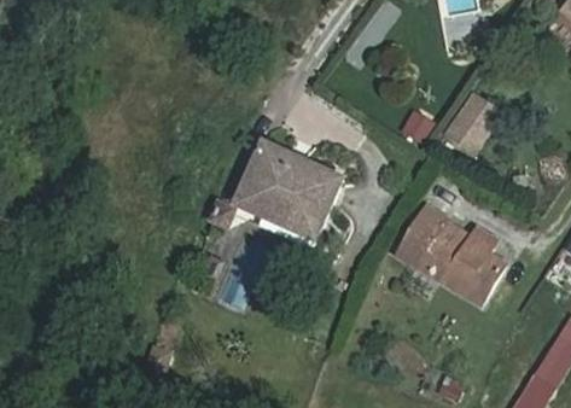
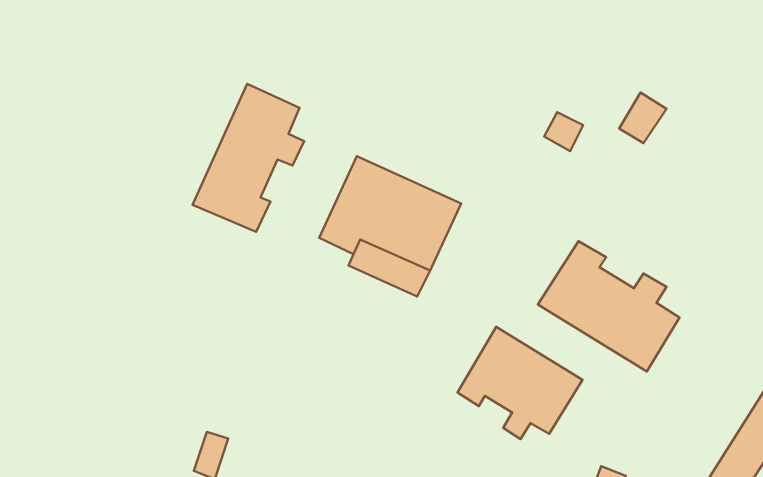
building: none -> [193,84,304,232]
building: none -> [458,327,582,439]

